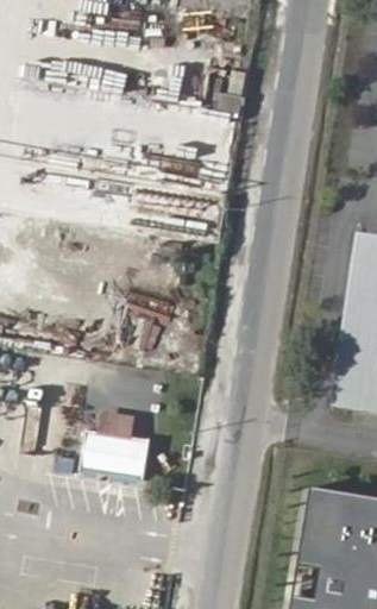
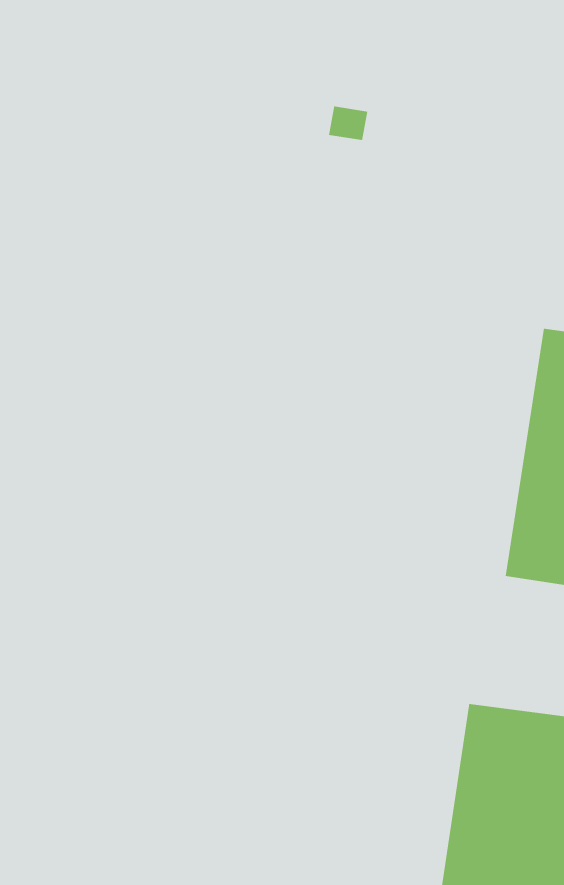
building: [82,410,152,477] -> none

